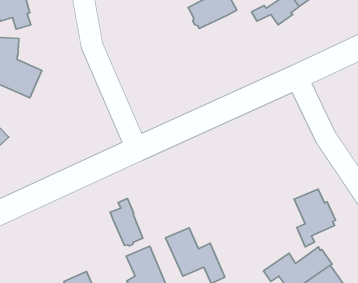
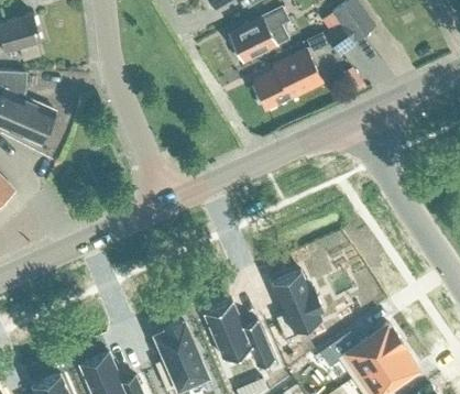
building: none -> [253,46,321,108]
building: [294,189,335,247] -> [272,270,321,339]
building: [110,199,143,246] -> none

